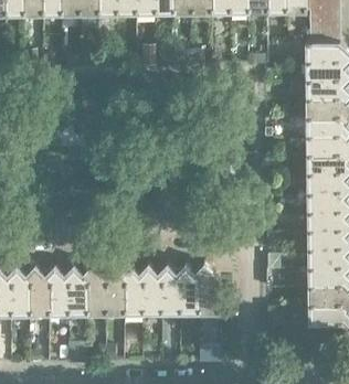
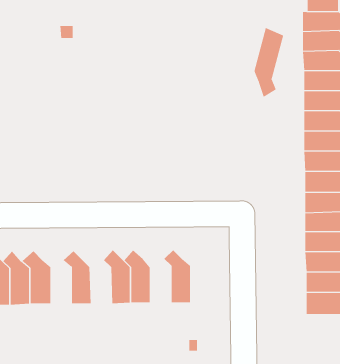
building: none -> [254,27,284,98]
building: [156,266,181,316] -> none
building: [192,266,219,316] -> none
building: [62,267,88,317] -> none
building: [99,267,126,317] -> none

